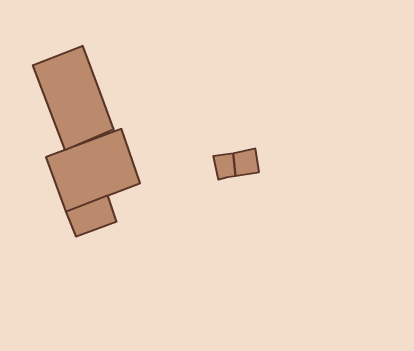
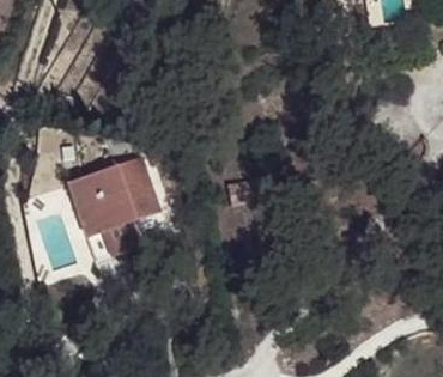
building: [33,46,114,150] -> none

